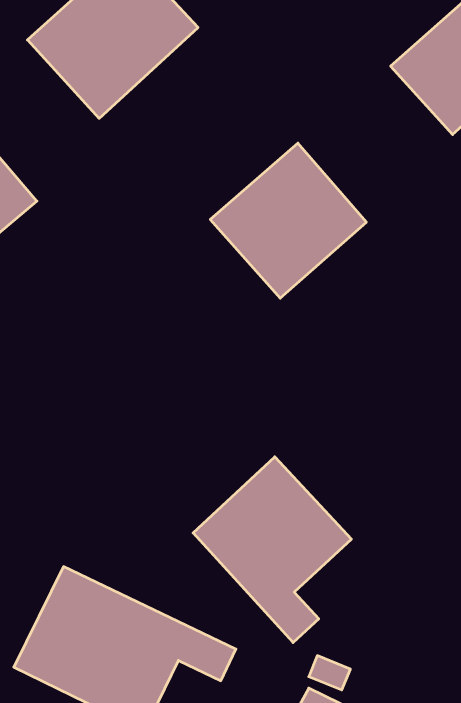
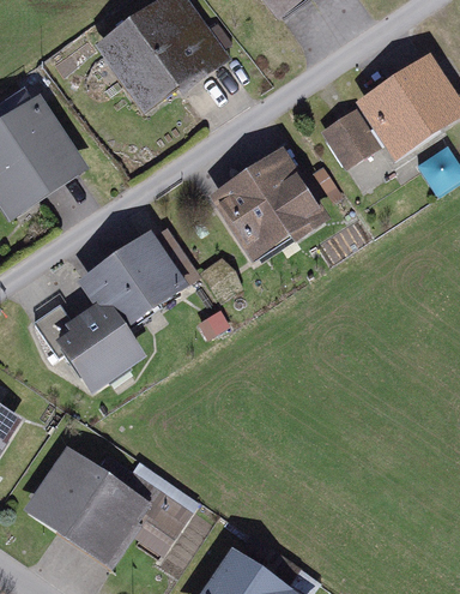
building: none -> [320,112,373,166]
building: none -> [59,220,200,389]
building: [193,457,351,643] -> none

